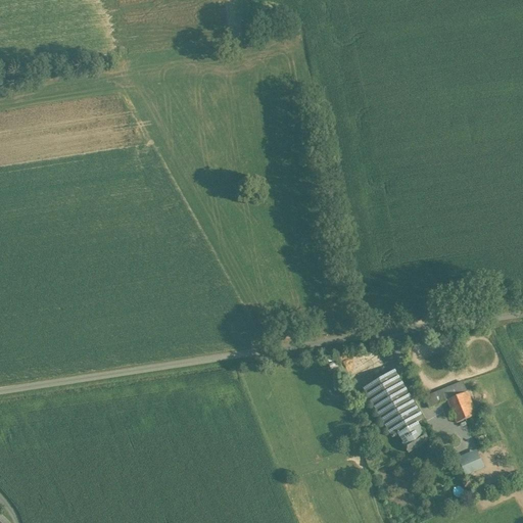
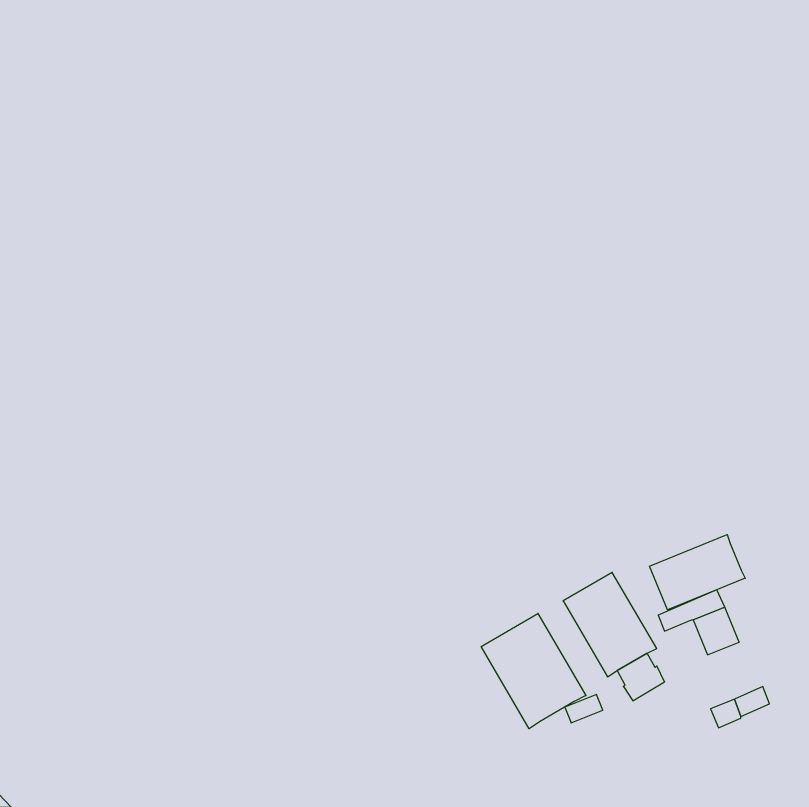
building: none -> [650,535,745,610]
building: none -> [481,613,586,729]

